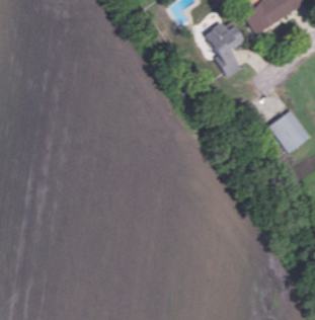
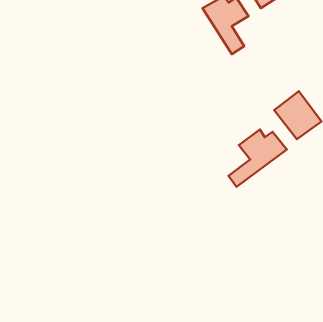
building: none -> [228,130,287,187]

